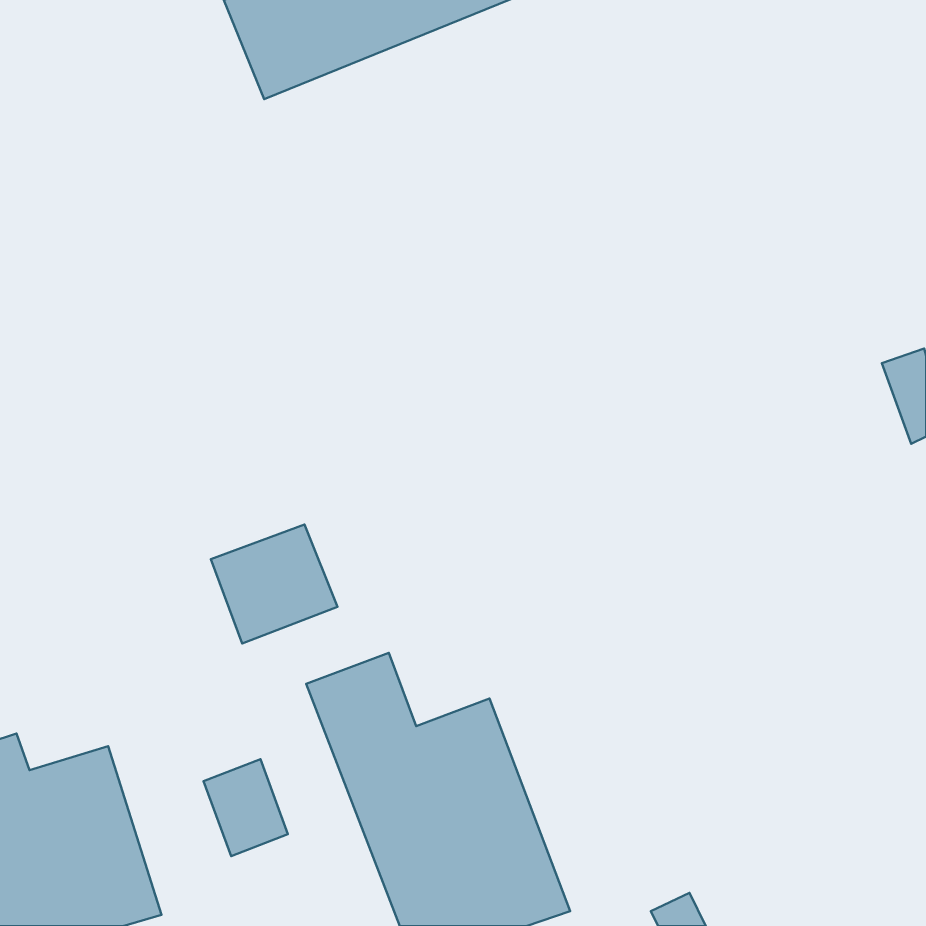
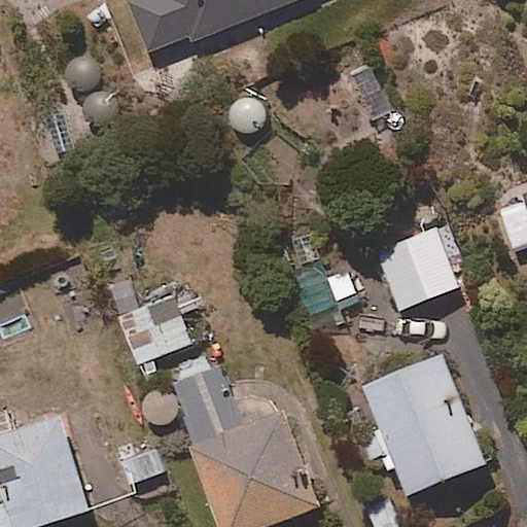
building: none -> [374,226,456,313]
building: none -> [361,358,488,504]

